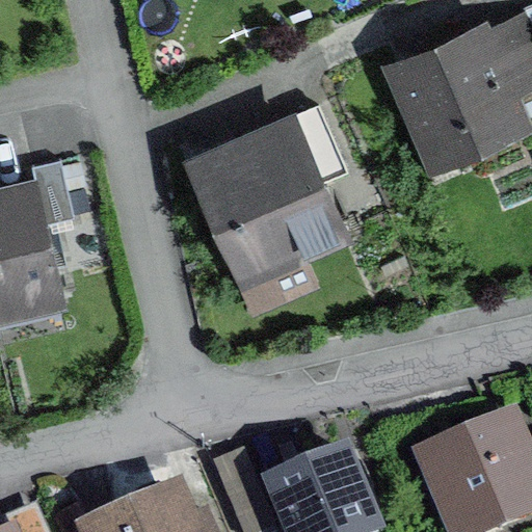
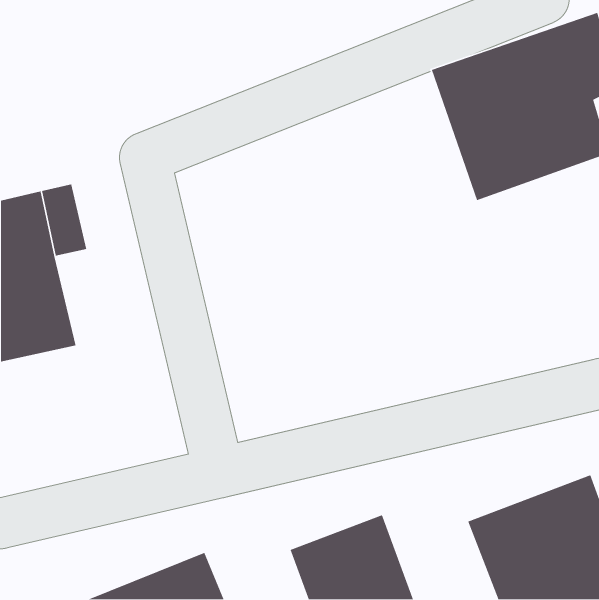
building: [185,112,351,289] -> none

